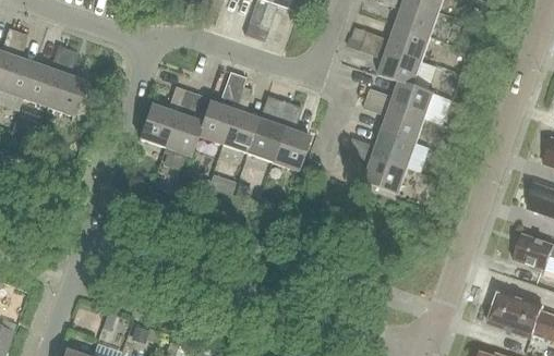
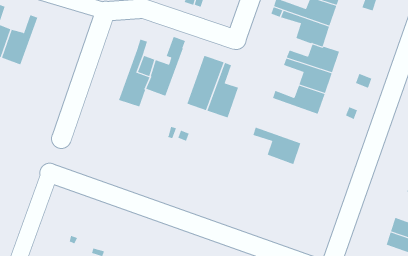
building: [47,48,86,114] -> none
building: [138,85,186,148] -> none
building: [222,85,261,152] -> none
building: [348,146,407,192] -> [252,127,301,165]

